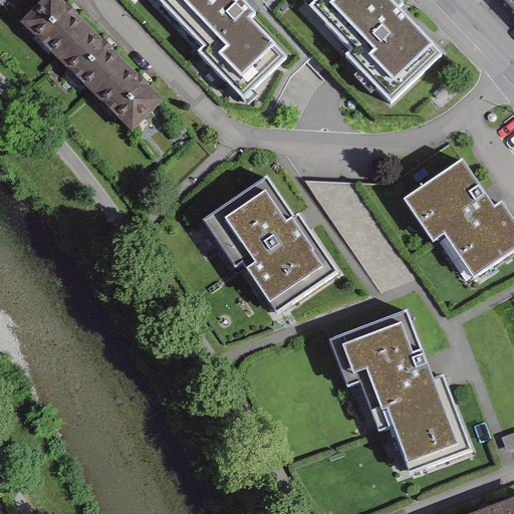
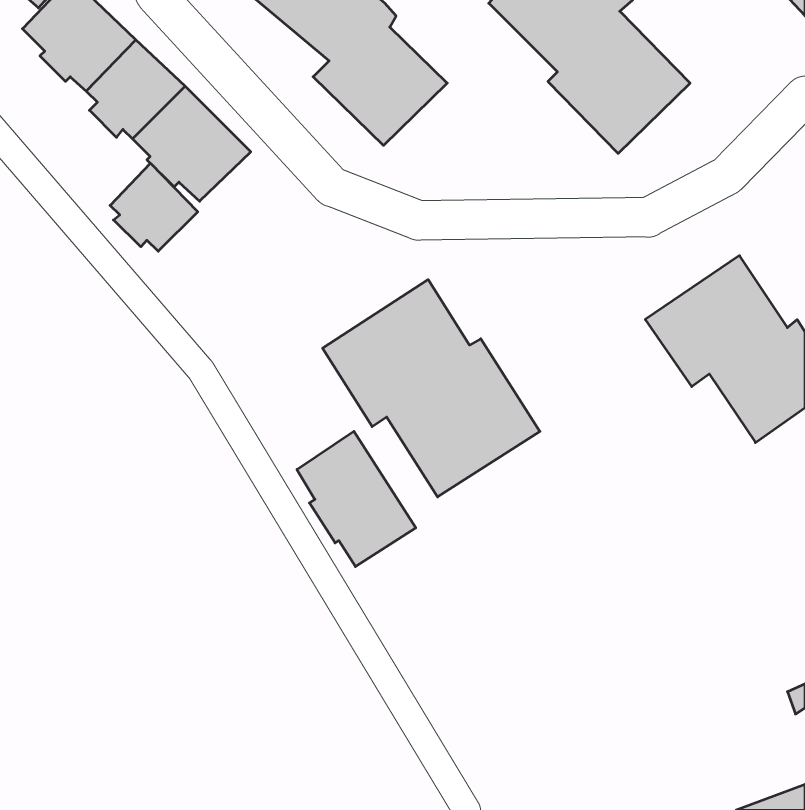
building: none -> [110,163,198,251]
building: none -> [297,431,416,567]
building: [330,311,472,471] -> none

